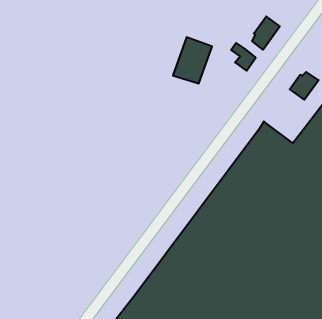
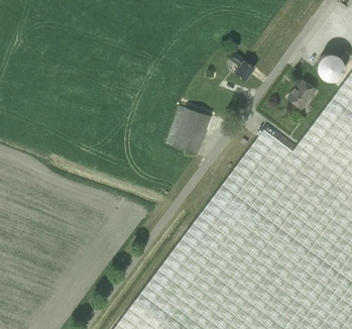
building: [252,16,280,50] -> none
building: [173,37,212,84] -> [171,108,210,153]

